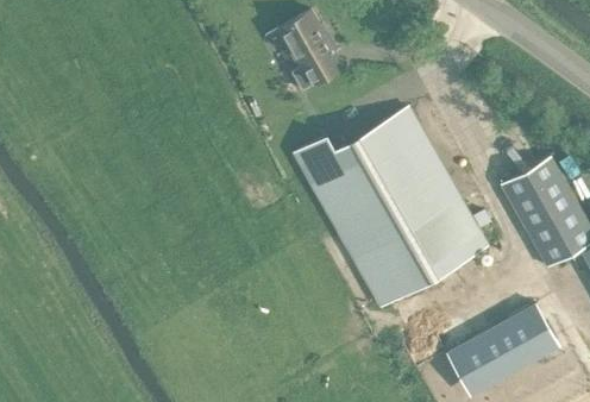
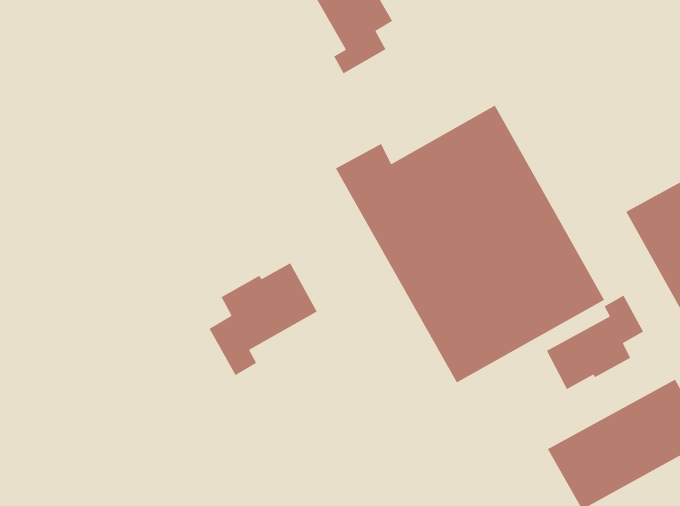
building: none -> [208,262,318,376]
building: none -> [546,294,644,390]

